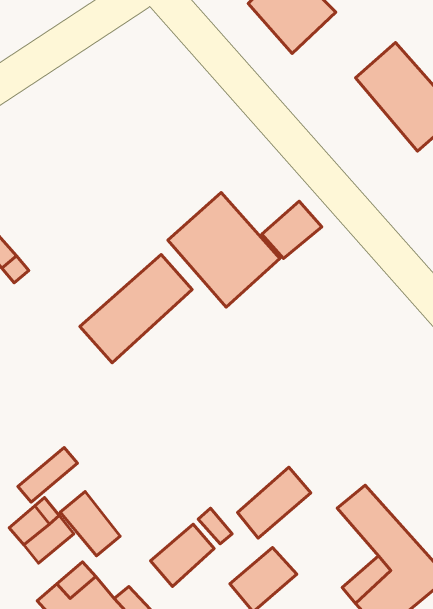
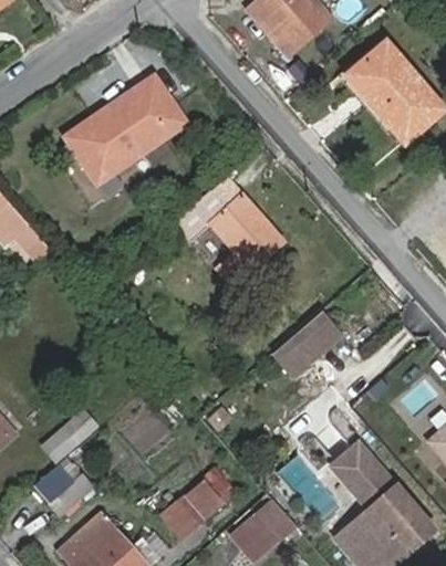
building: none -> [68,80,184,181]
building: [262,201,322,258] -> none
building: [80,255,192,363] -> none
building: [238,467,311,538] -> [271,311,338,375]
building: [60,491,120,556] -> none

